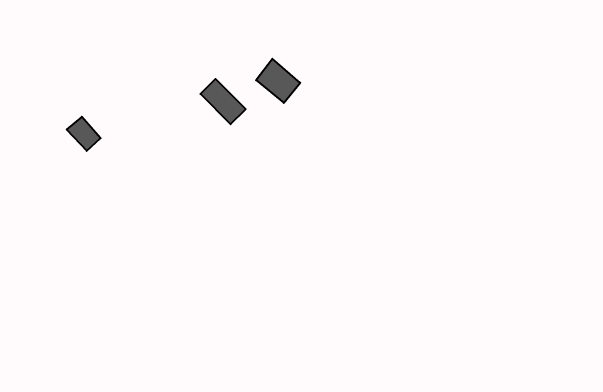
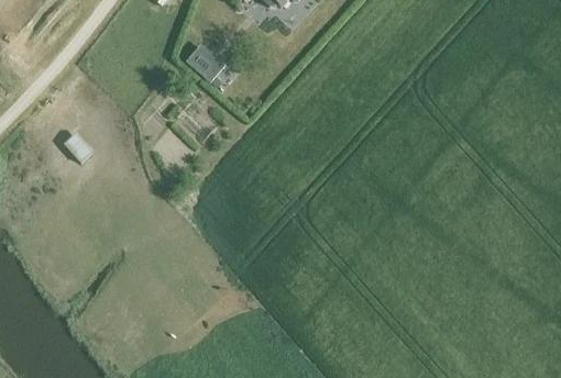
building: [256,59,300,103] -> [187,43,226,81]

